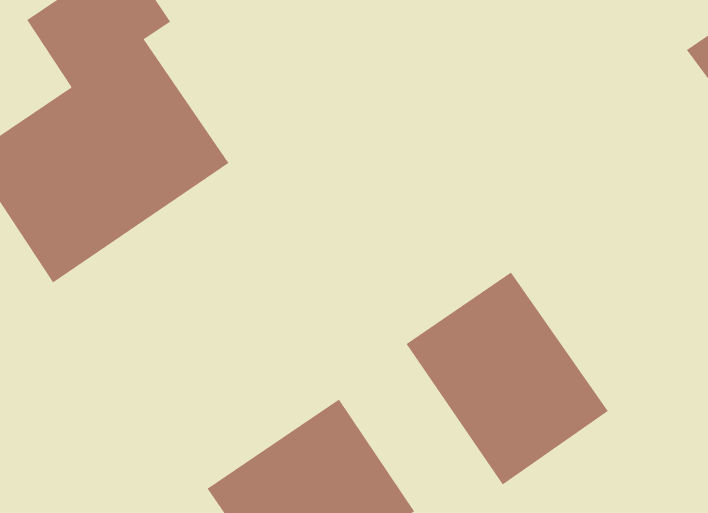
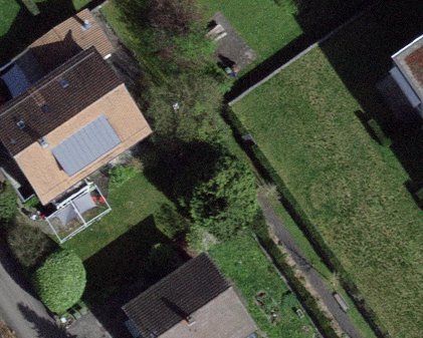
building: [405,271,609,485] -> none

